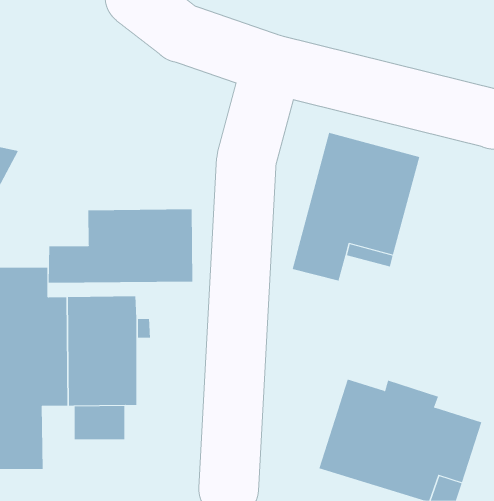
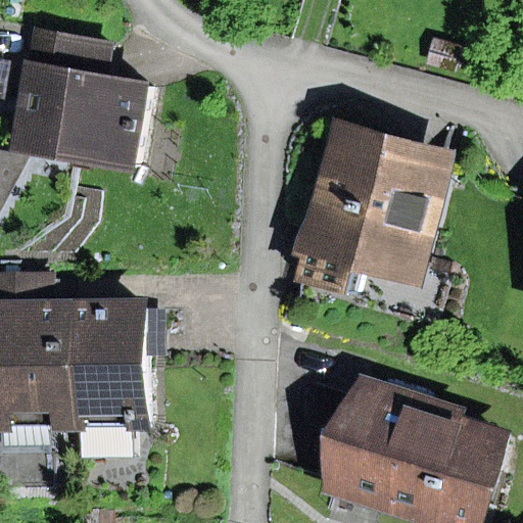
building: none -> [16,33,146,165]
building: [48,209,193,283] -> none

